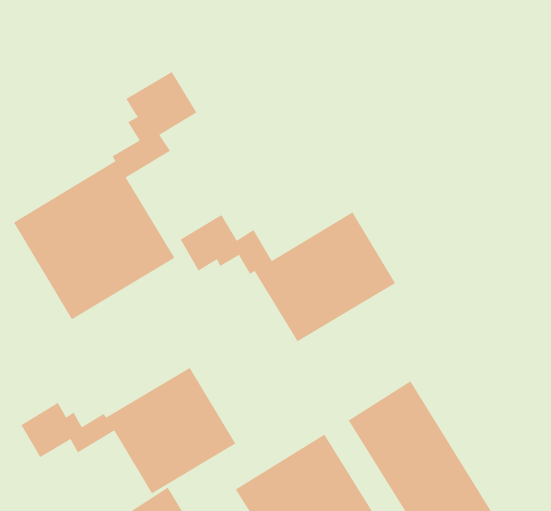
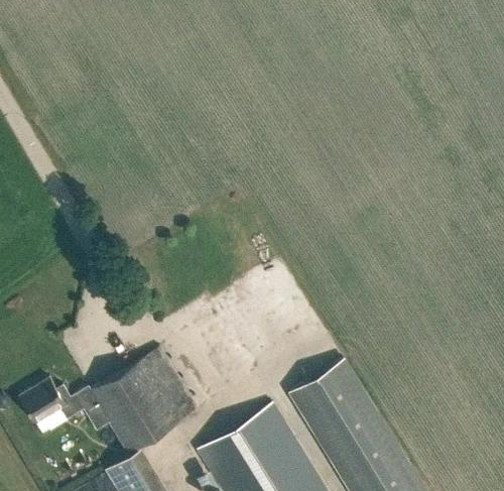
building: [13,71,197,320] -> none
building: [180,212,396,342] -> none

